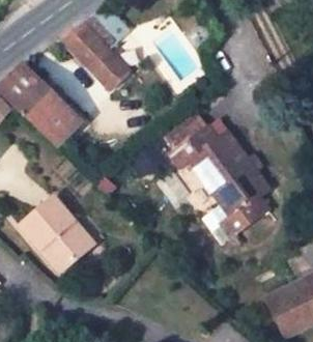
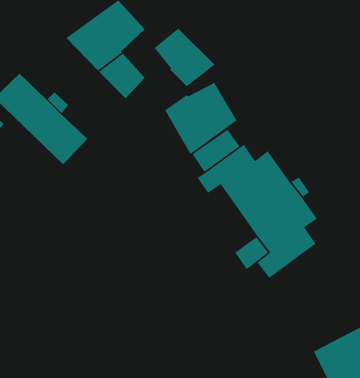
building: none -> [154,28,216,87]
building: none -> [164,82,238,155]
building: [19,202,93,273] -> none

